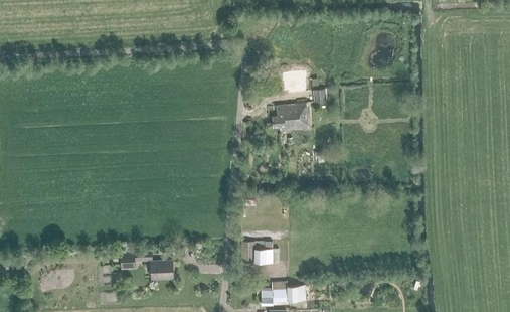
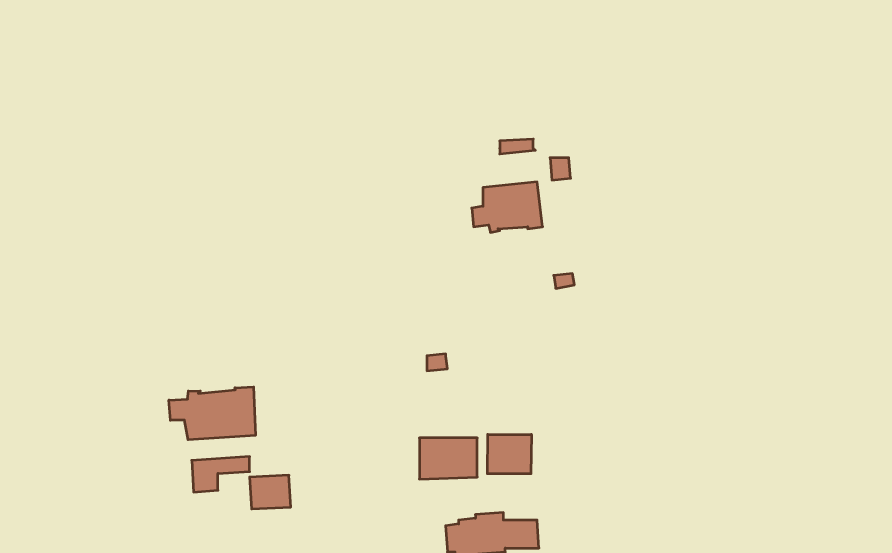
building: none -> [169,387,255,440]
building: none -> [487,434,531,474]

